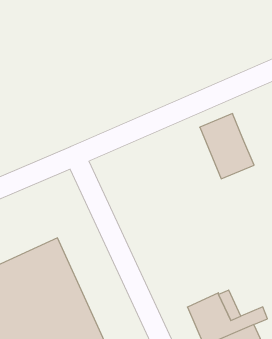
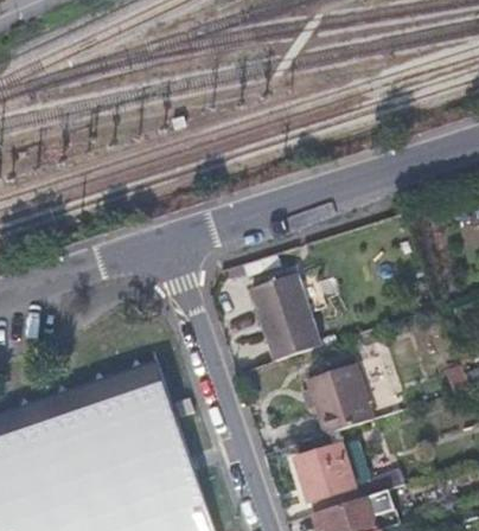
building: [200,114,254,179] -> [254,279,322,365]
building: none -> [309,369,375,439]

